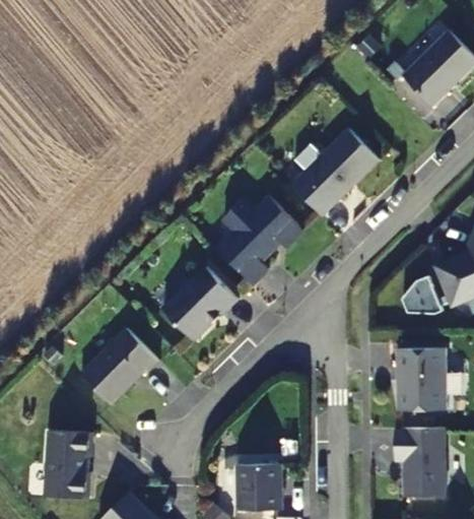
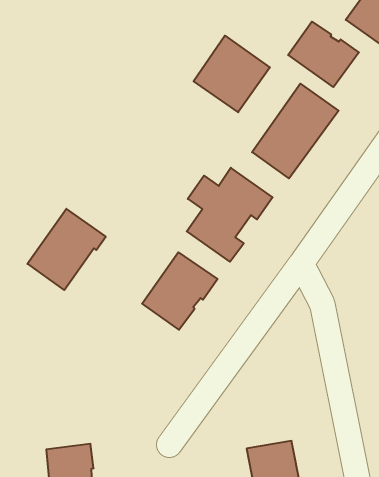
building: none -> [194,36,270,112]
building: none -> [288,22,359,87]
building: [80,328,158,404] -> [27,209,106,290]

